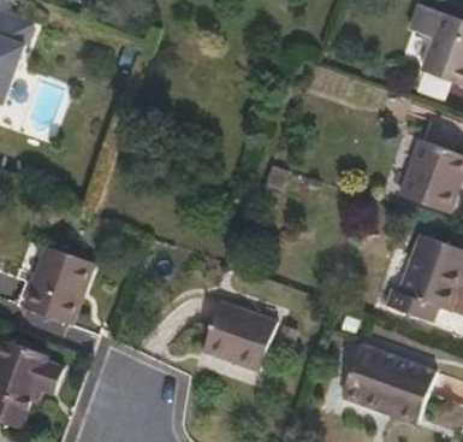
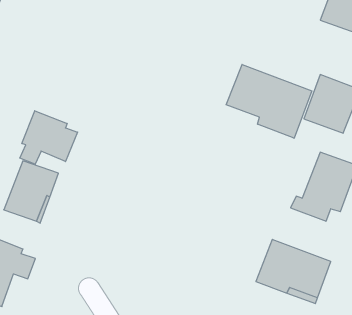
building: none -> [226,64,312,138]
building: none -> [20,111,78,164]
building: [202,305,275,375] -> none

